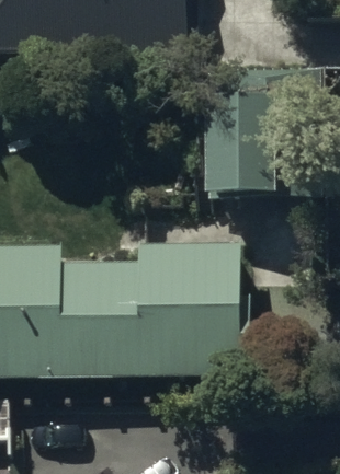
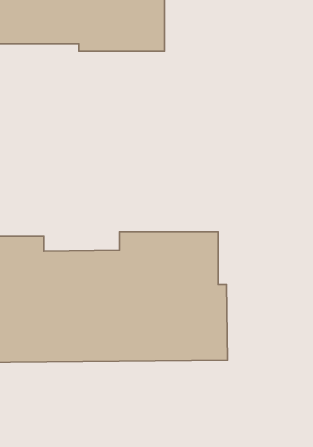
building: [204,92,277,194] -> none

